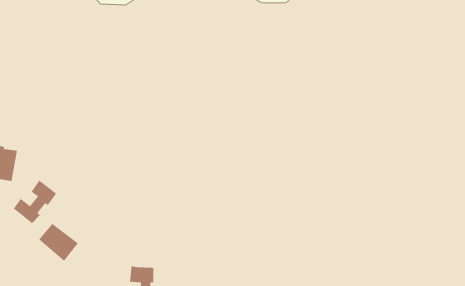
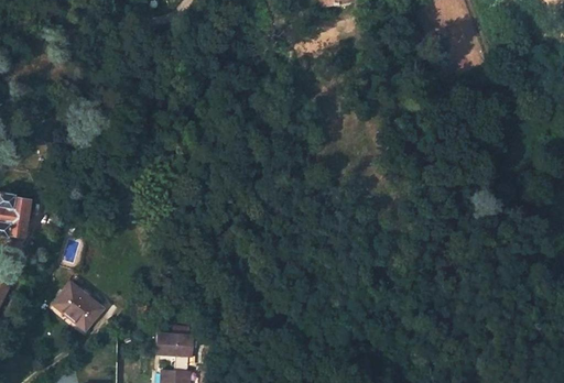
building: [13,180,57,224] -> none

